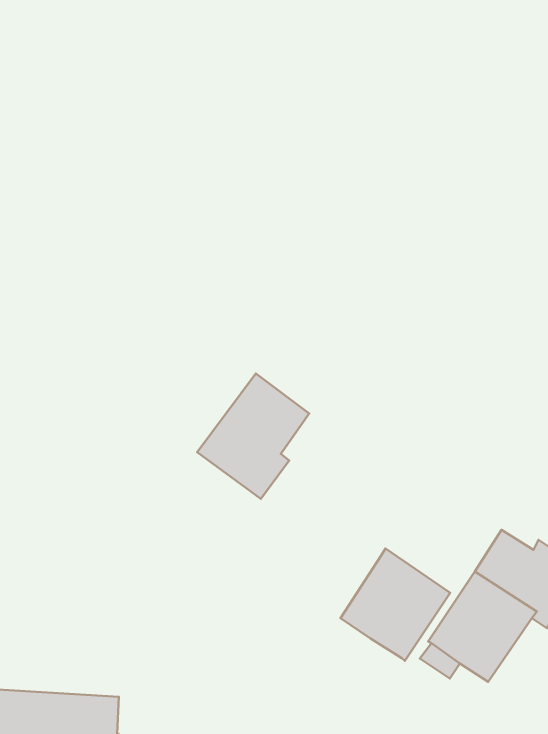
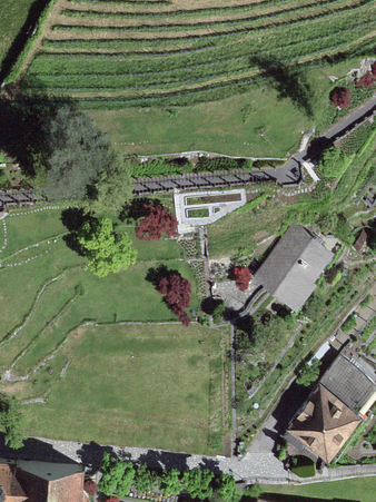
building: [197,374,309,499] -> [255,226,329,309]
building: [341,548,450,661] -> none

